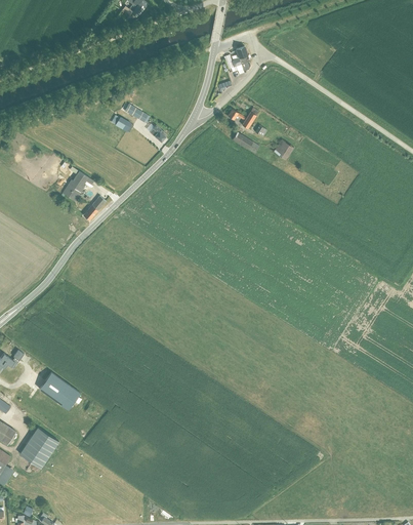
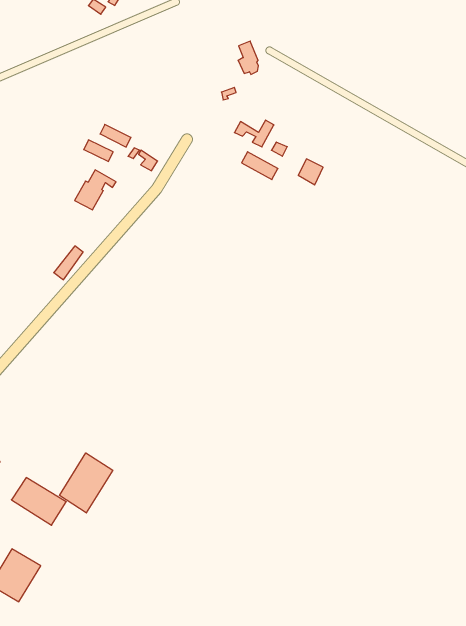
building: [61,170,94,201] -> [75,170,116,210]
building: none -> [59,453,113,513]

